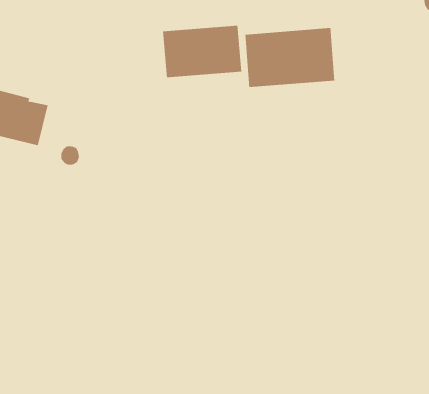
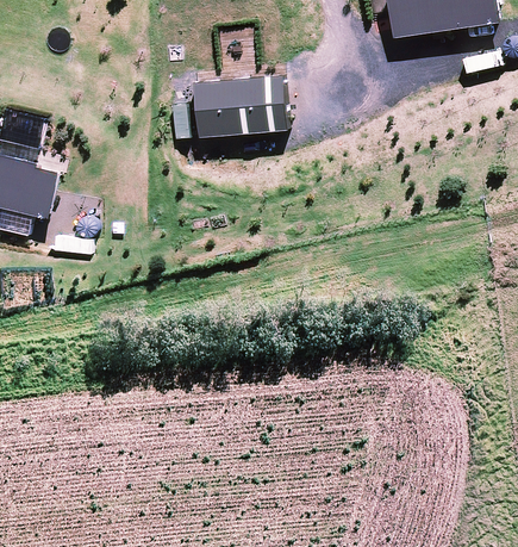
building: [245,27,335,88] -> none

